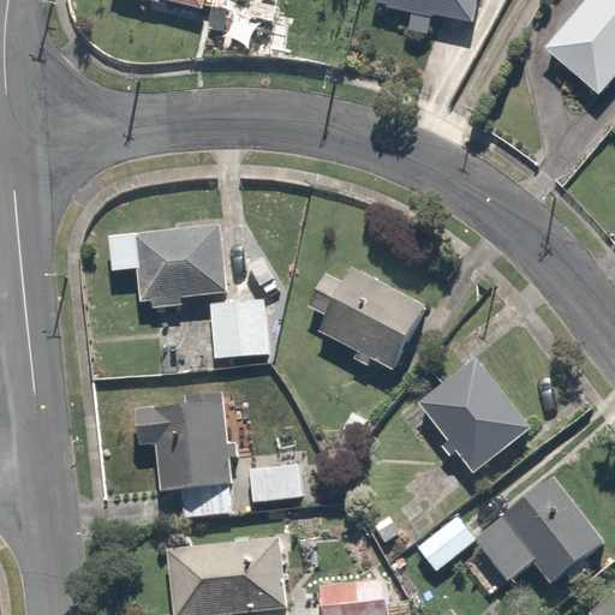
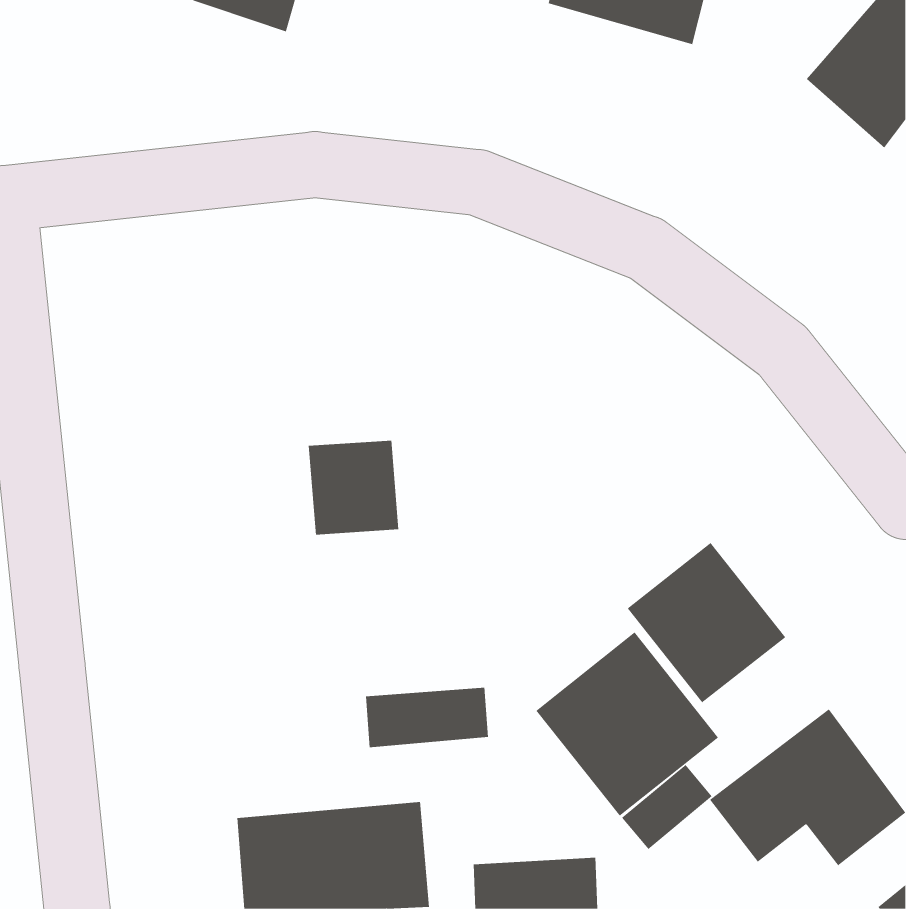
building: [108,225,227,298] -> none
building: [306,268,423,370] -> none
building: [137,399,233,515] -> none
building: none -> [536,632,719,817]

